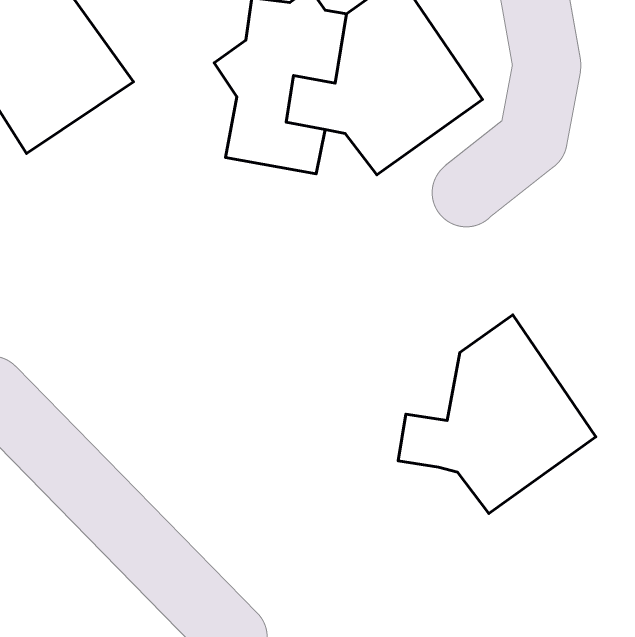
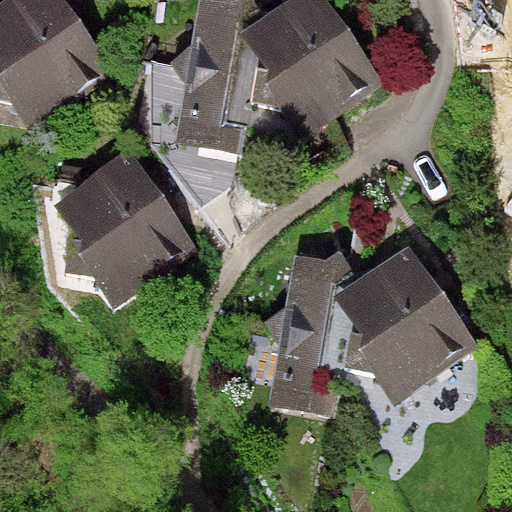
building: none -> [53,150,195,308]
building: none -> [259,259,365,407]

